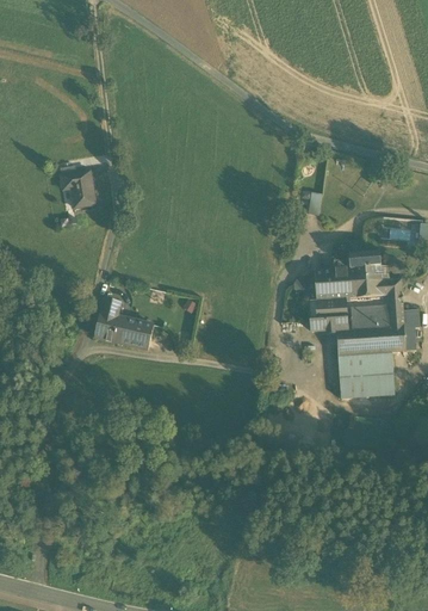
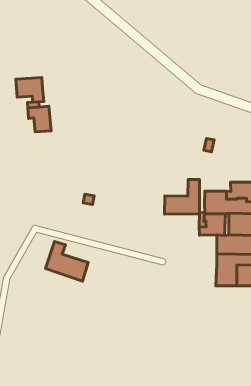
building: none -> [16,77,44,102]
building: none -> [165,179,200,214]
building: [95,298,154,350] -> [45,241,88,281]

